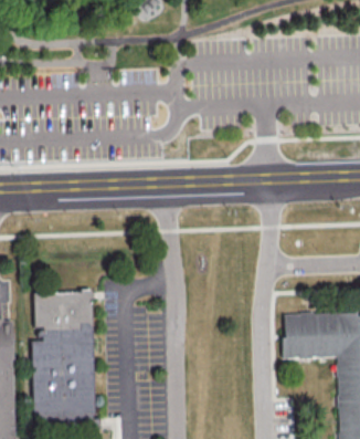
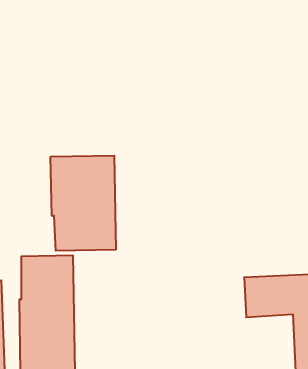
building: none -> [51,156,116,251]

